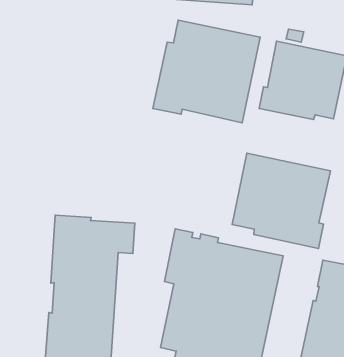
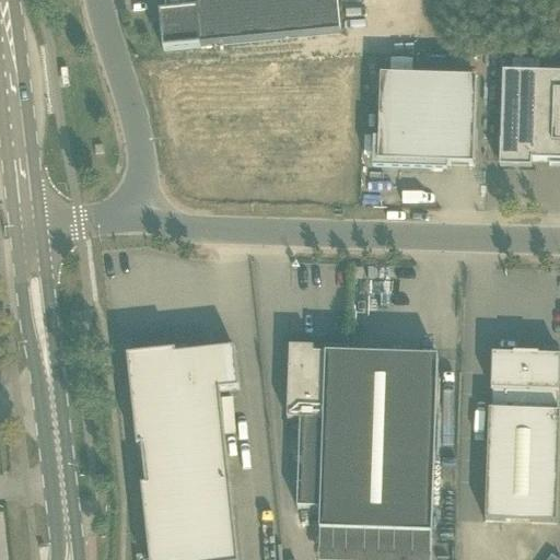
building: [153,20,260,123] -> none
building: [232,153,331,248] -> none

